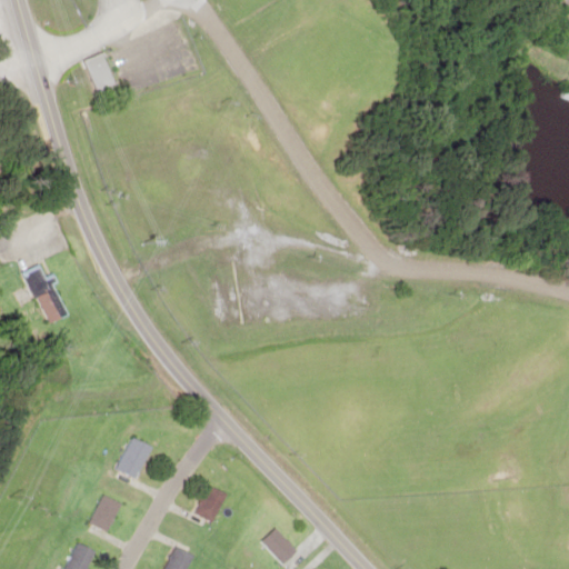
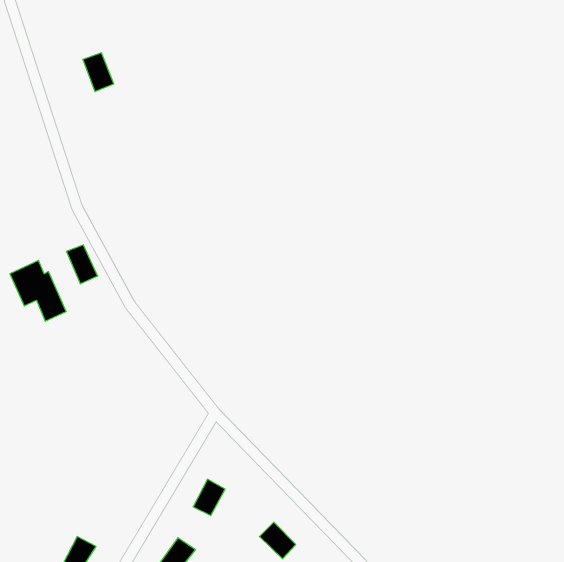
building: none -> [67,245,97,284]
building: [117,437,153,478] -> none
building: [90,495,122,532] -> none

